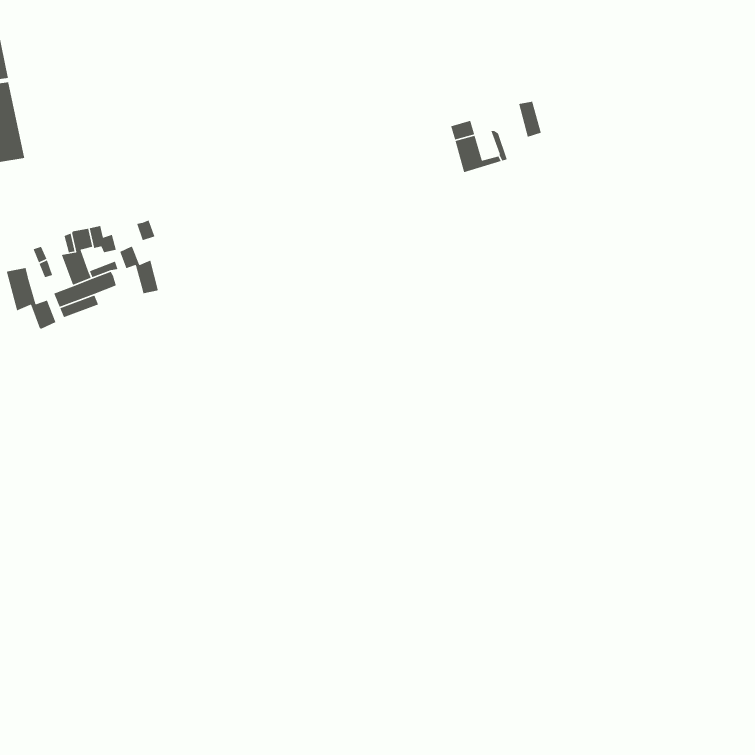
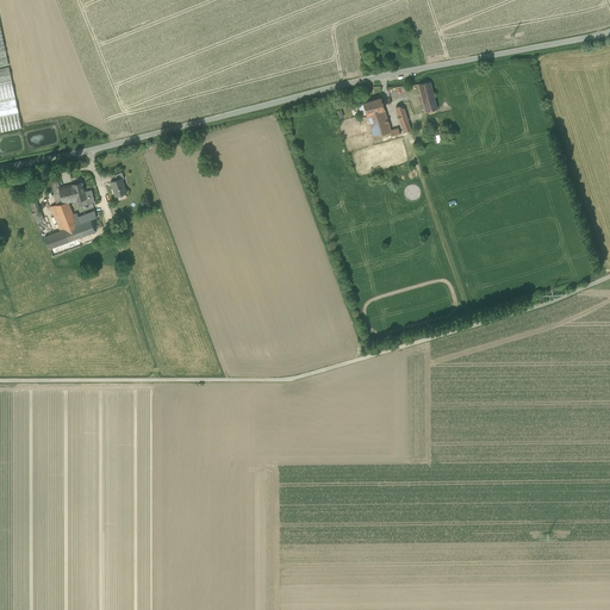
building: [119,246,159,294] -> none
building: [6,267,56,329] -> none

